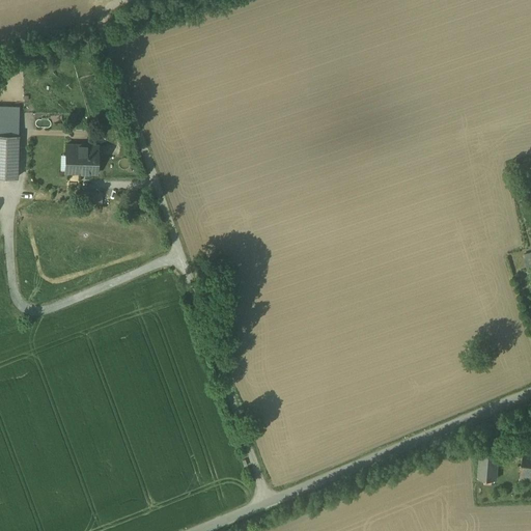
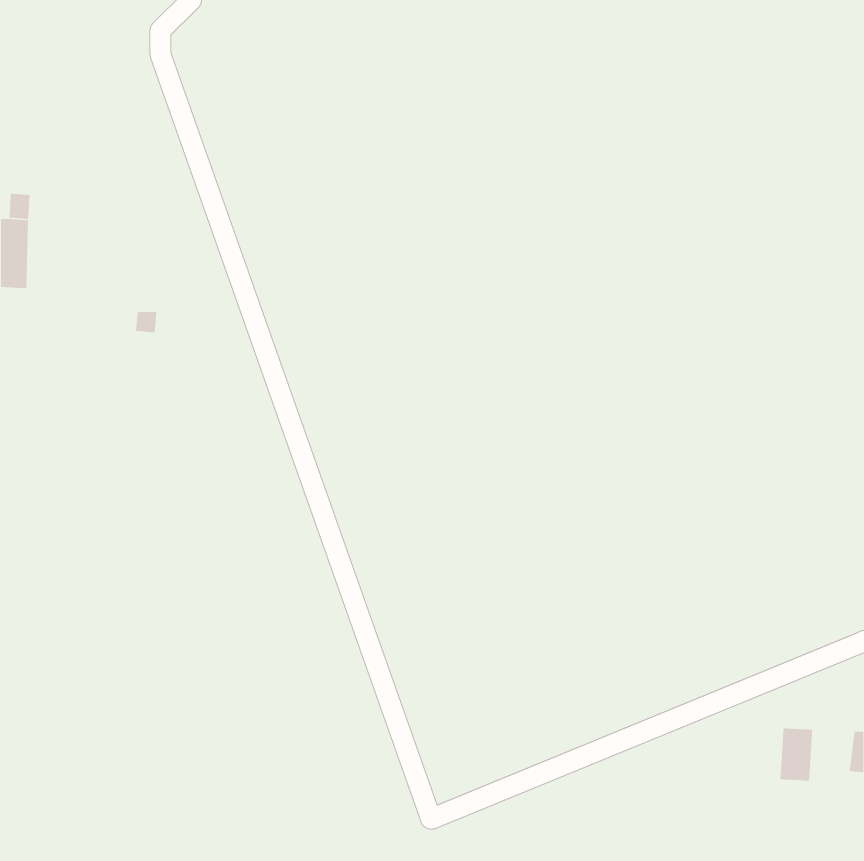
building: [65,146,99,175] -> none

